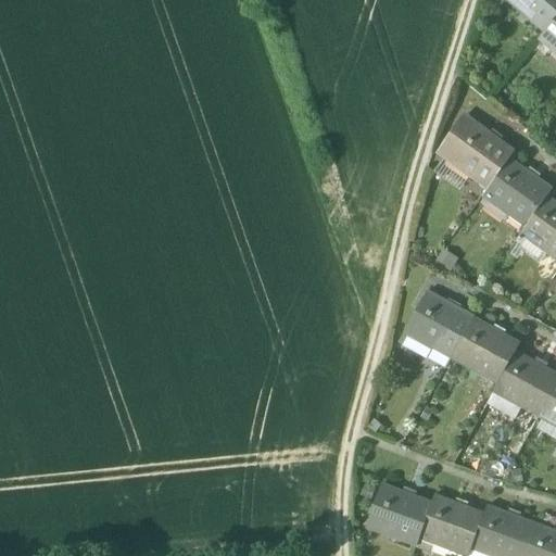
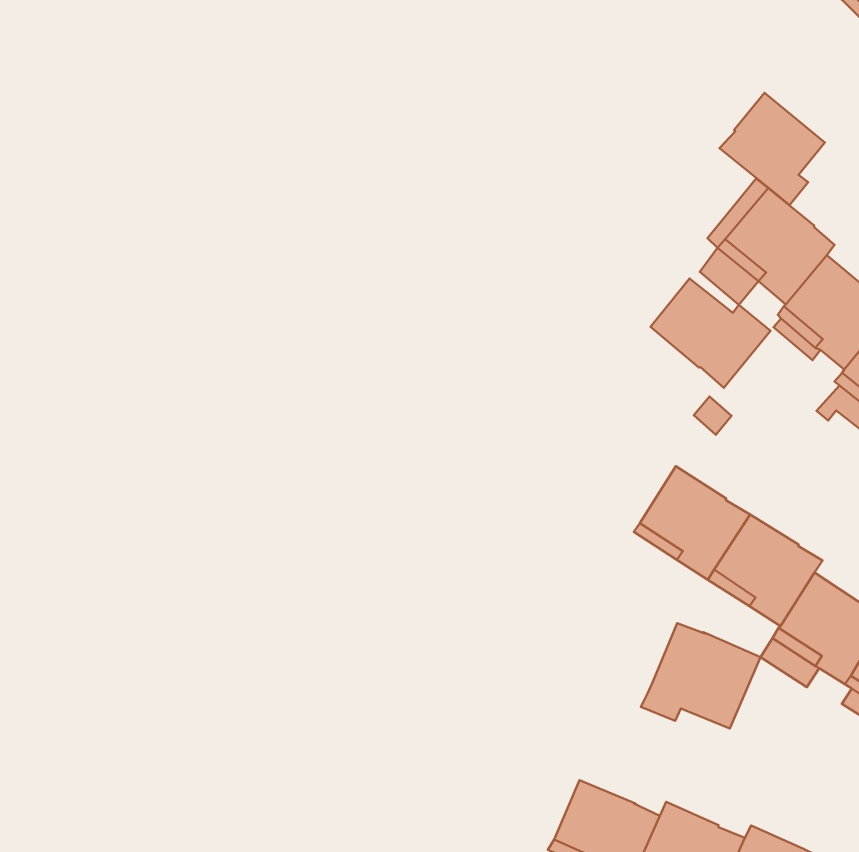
building: none -> [720,93,825,205]
building: none -> [650,278,771,388]
building: none -> [641,623,760,728]

